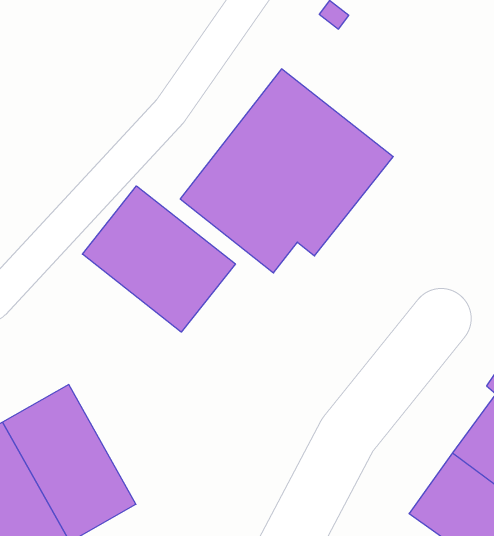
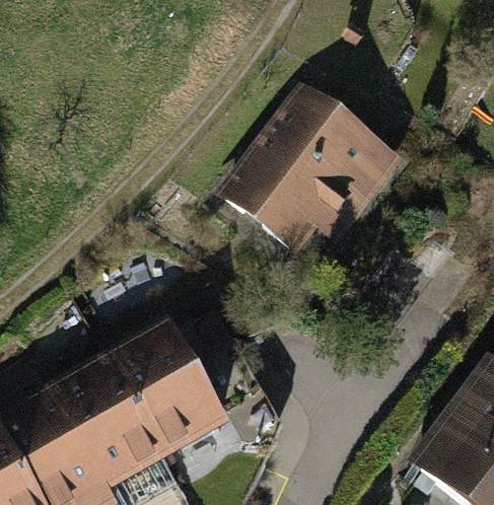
building: [82,186,235,332] -> none
building: none -> [113,323,231,463]

